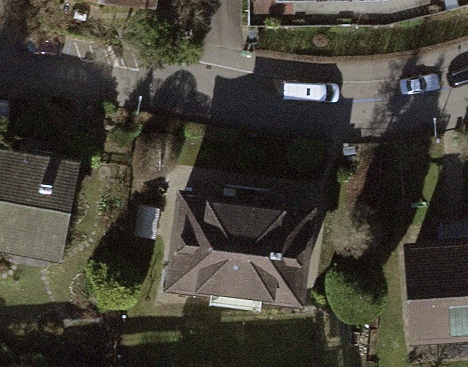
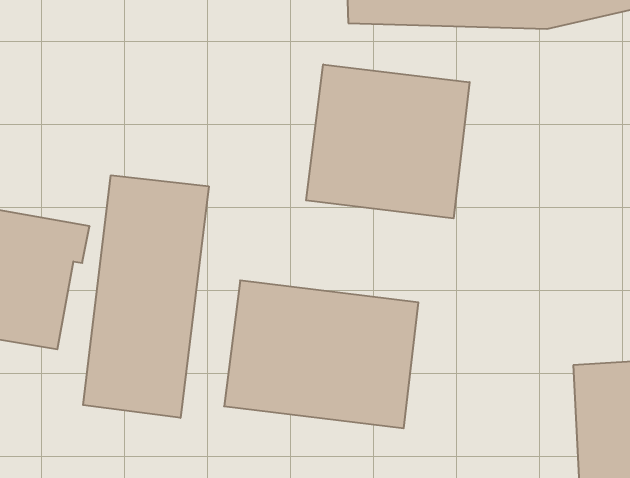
building: none -> [306,64,470,218]
building: none -> [83,175,209,418]

